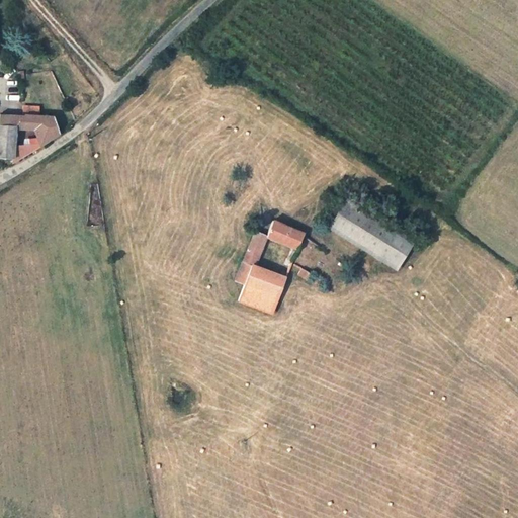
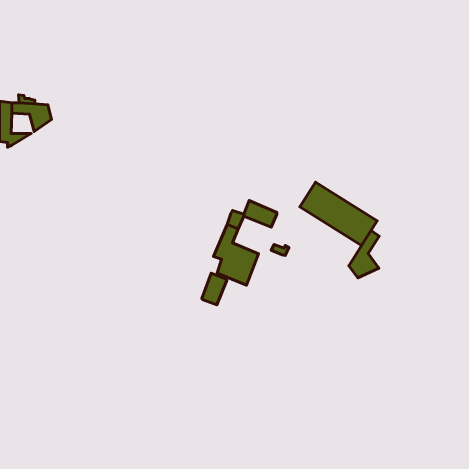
building: none -> [349,231,379,278]
building: none -> [202,273,227,305]

